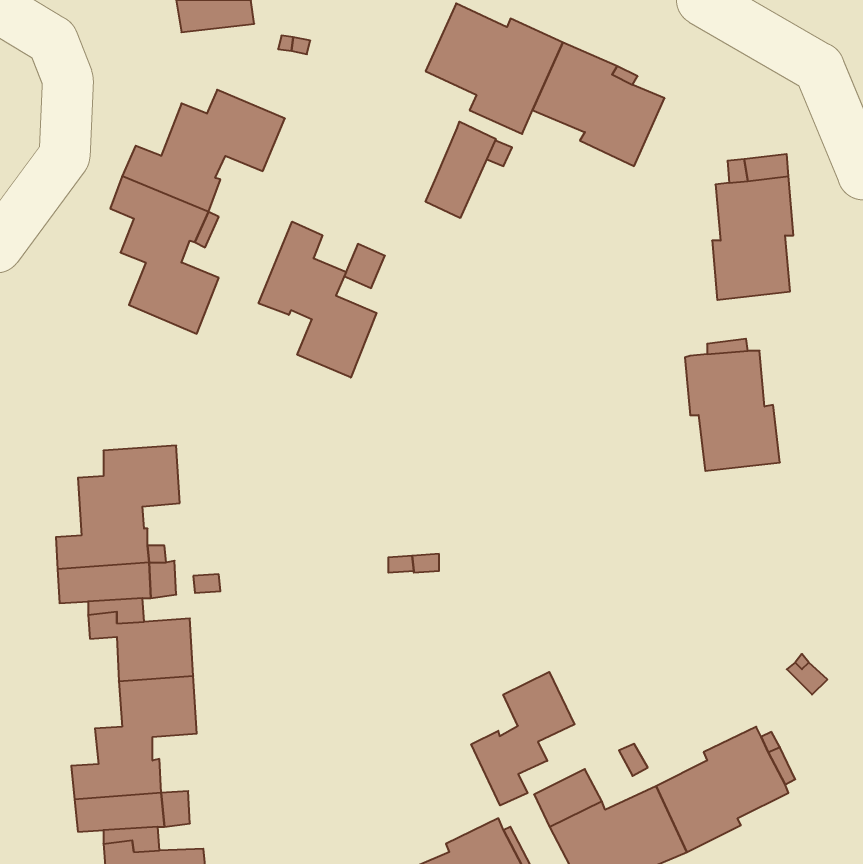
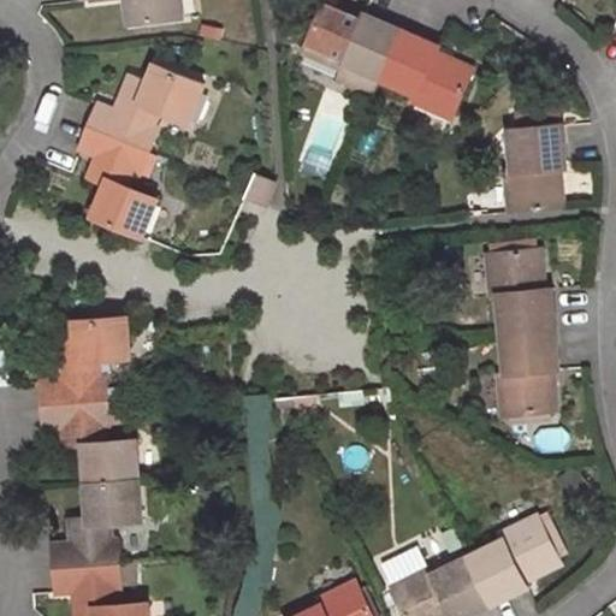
building: [426,122,496,218] -> none
building: [259,222,377,378] -> none
building: none -> [498,330,557,416]
building: [471,672,575,805] -> none

